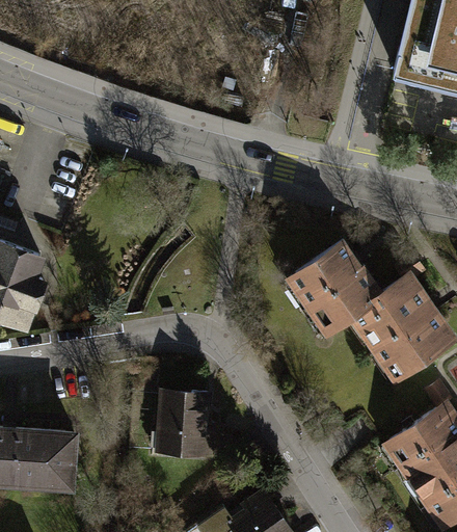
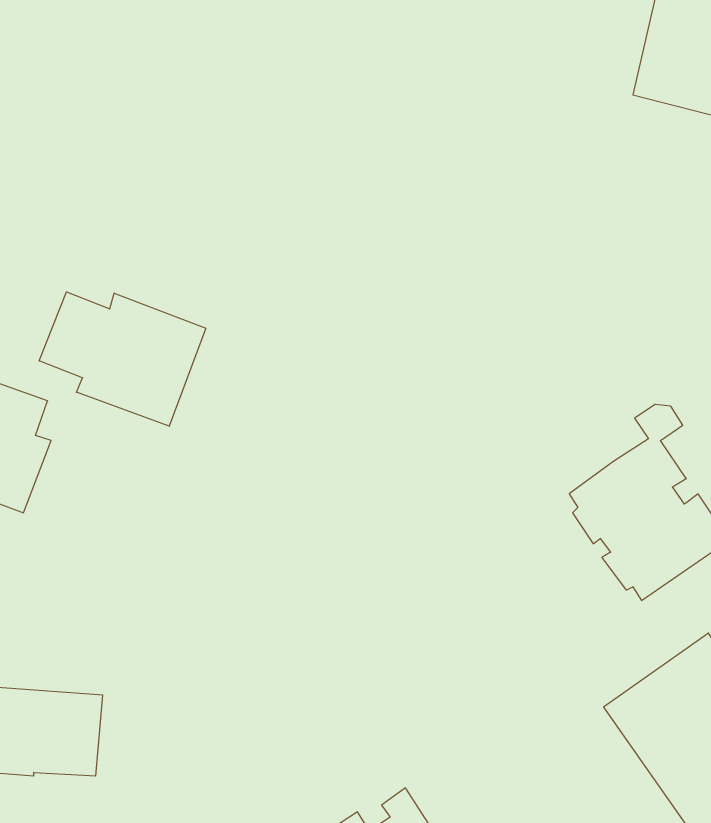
building: none -> [39,292,206,426]
building: [296,243,383,332] -> none
building: [165,399,203,455] -> none

